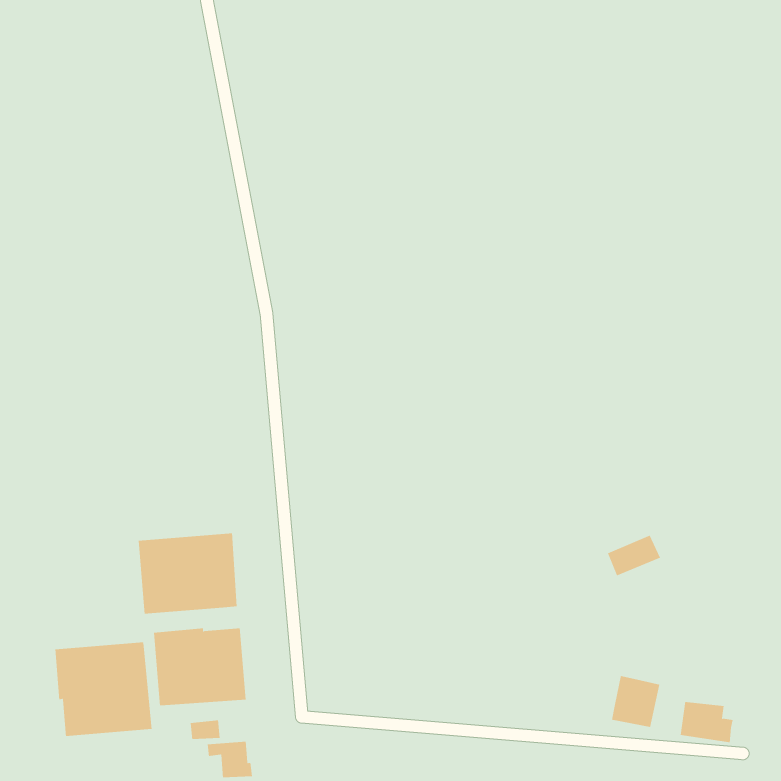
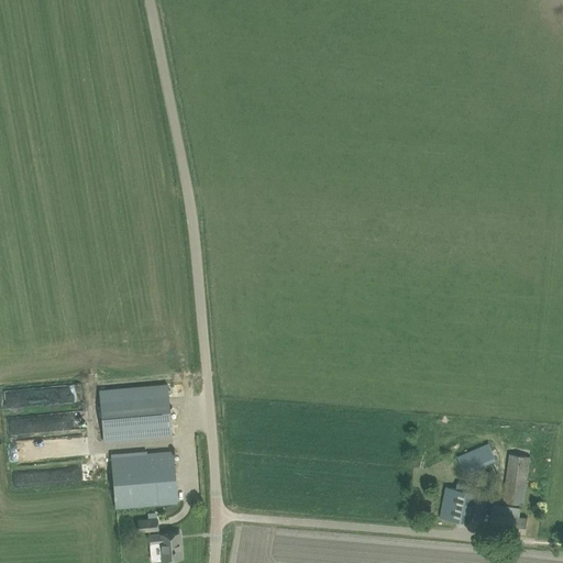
building: [607,535,661,576] -> [456,444,495,474]
building: none -> [501,454,530,505]
building: [55,641,152,737] -> none

